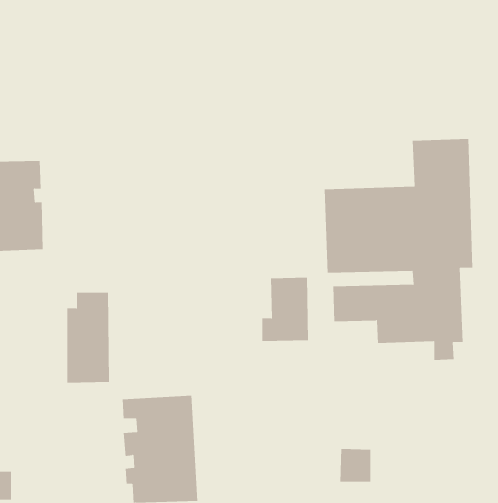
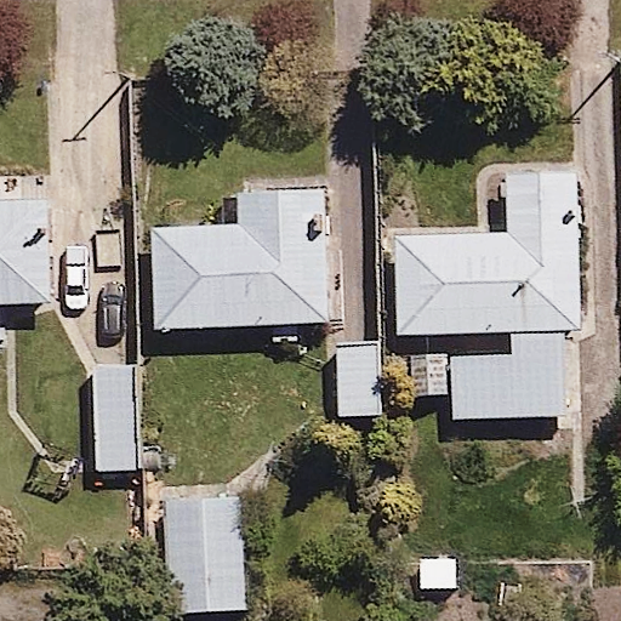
building: none -> [153,189,325,327]

